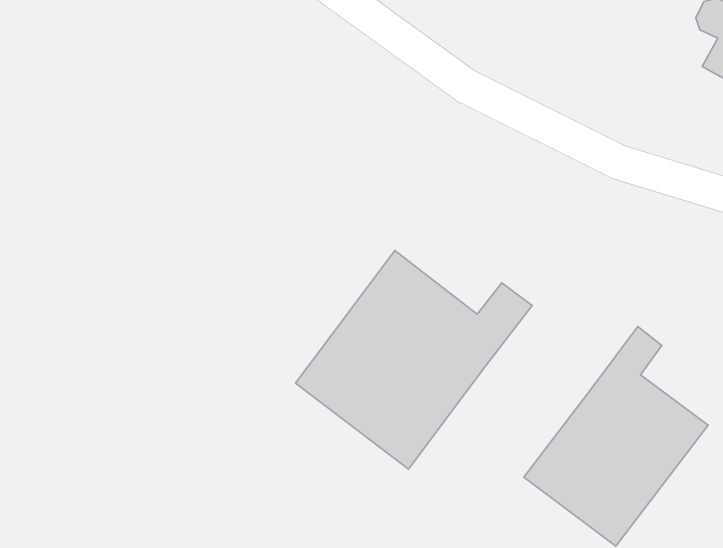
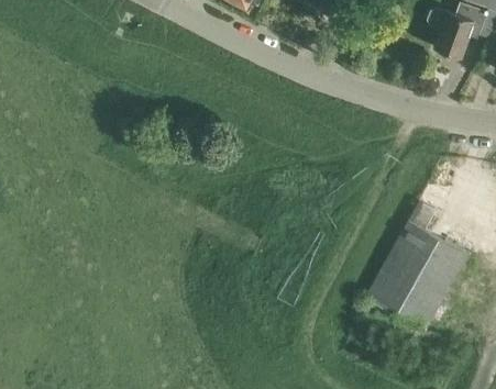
building: [296,251,532,469] -> none

